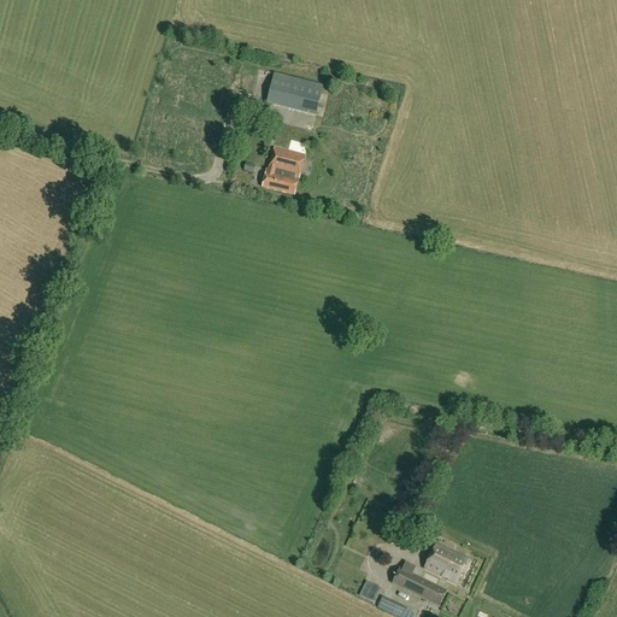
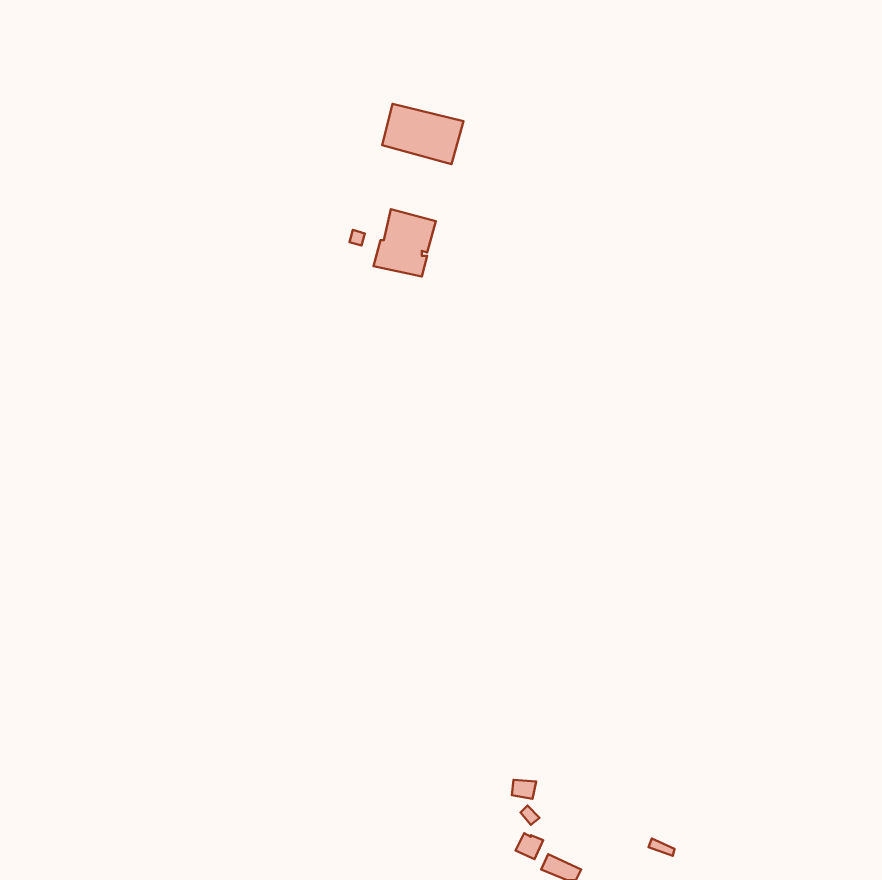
building: [424,542,468,582] -> none
building: [392,566,446,604] -> none

